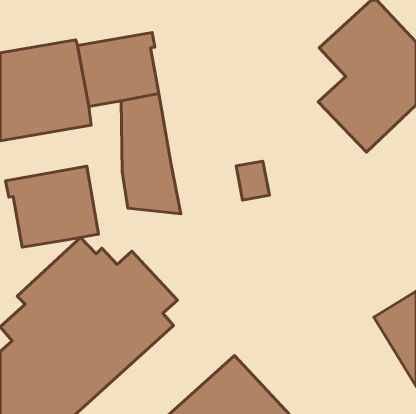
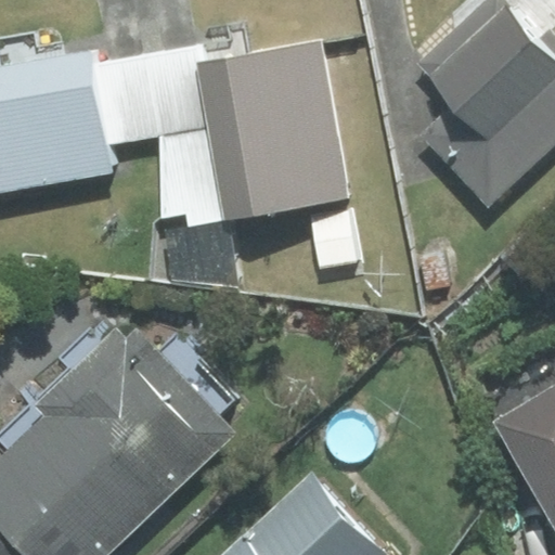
building: none -> [201,46,346,219]
building: [6,166,99,247] -> none

